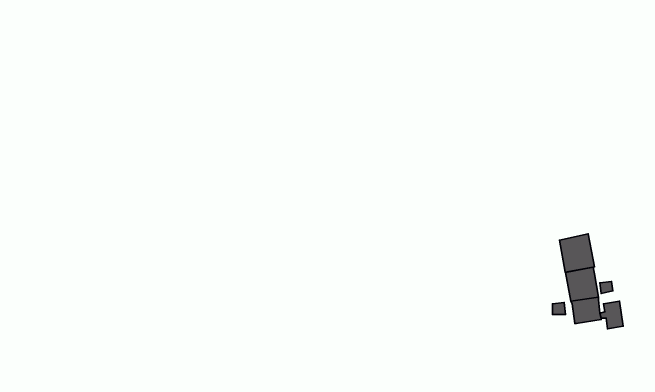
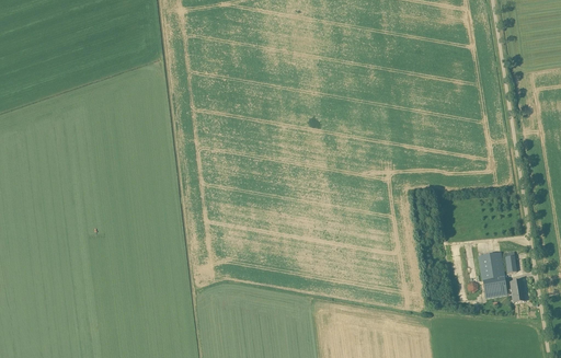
building: [559,234,595,272] -> none

